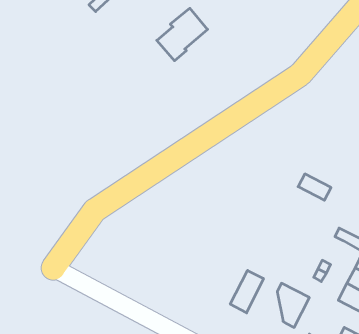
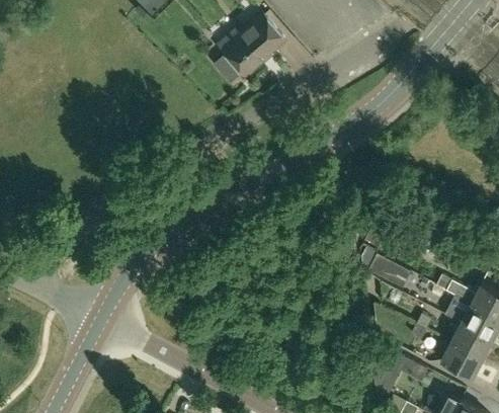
building: [298,174,331,200] -> [369,254,409,285]
building: [230,270,263,313] -> none

